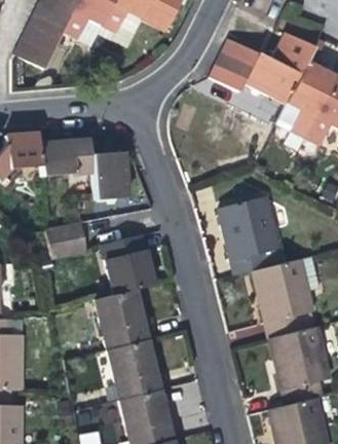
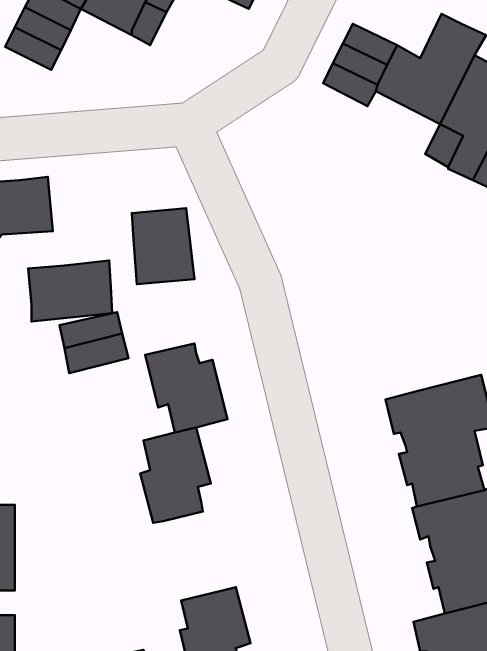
building: [42,140,95,178] -> [28,260,112,321]
building: [218,199,278,276] -> none
building: [111,339,155,400] -> none

